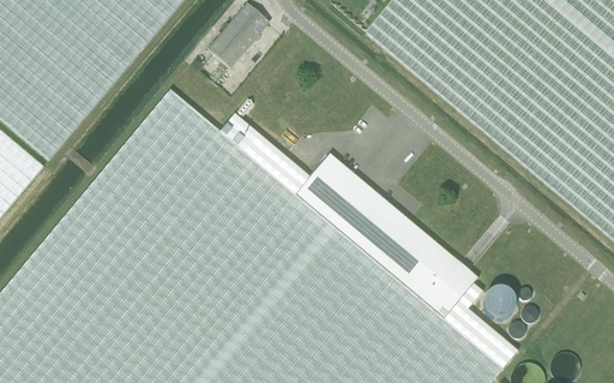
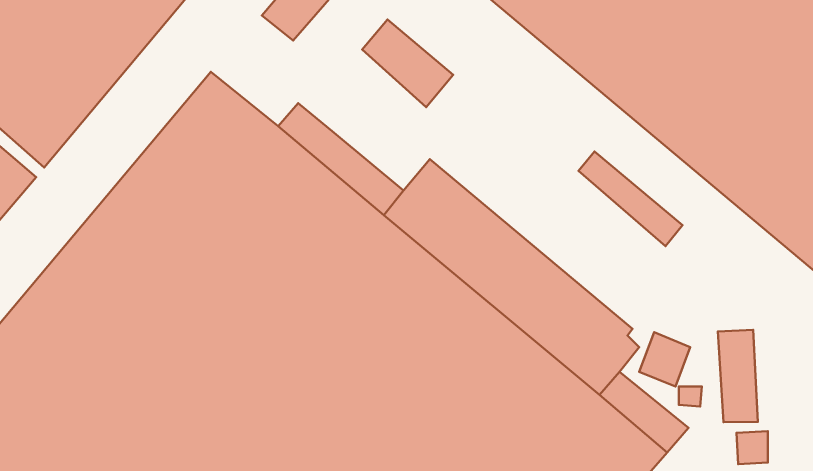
building: none -> [362,19,453,107]
building: none -> [579,151,683,246]
building: none -> [718,330,758,422]

